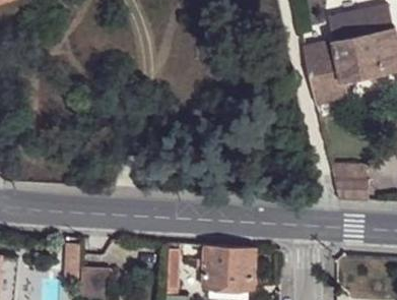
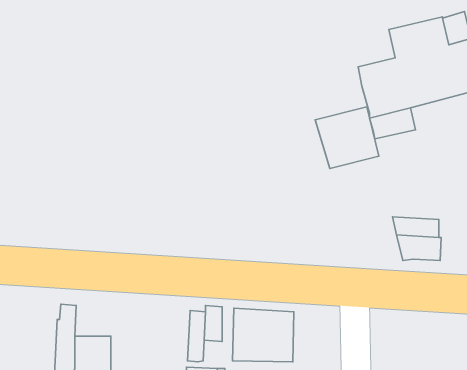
building: none -> [315,107,379,169]

